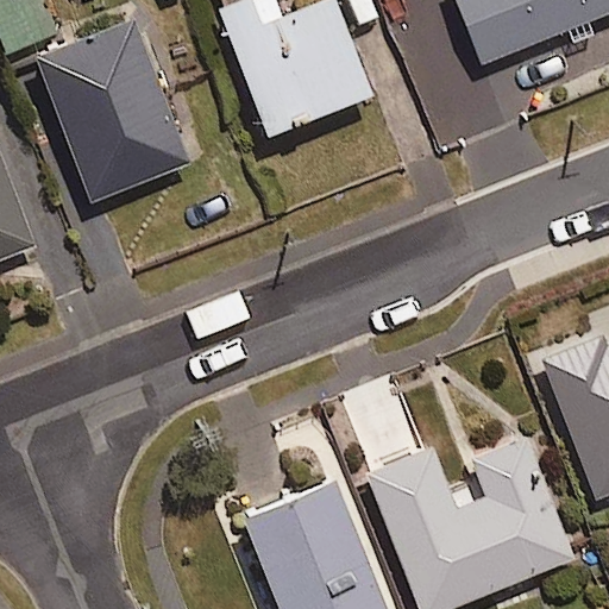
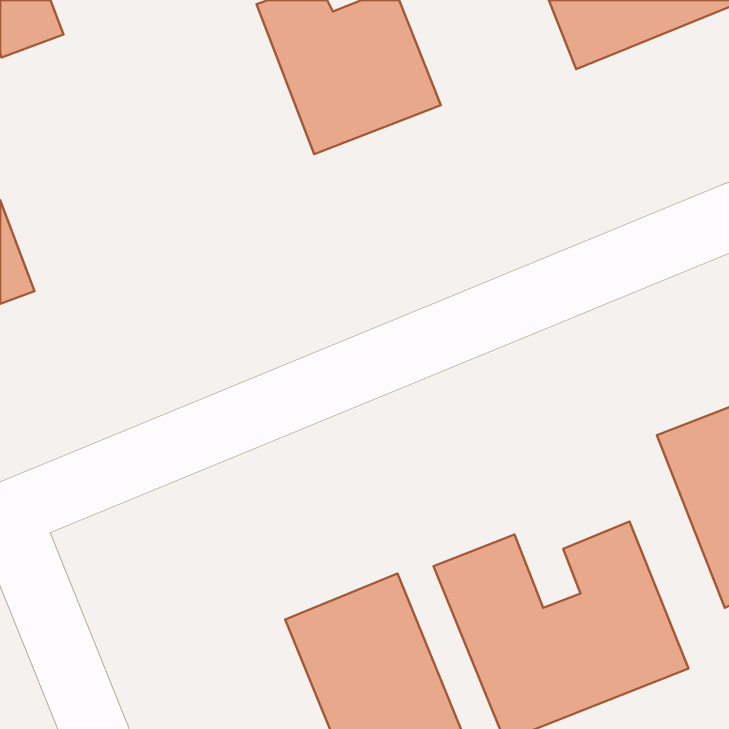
building: [37,17,190,200] -> none

